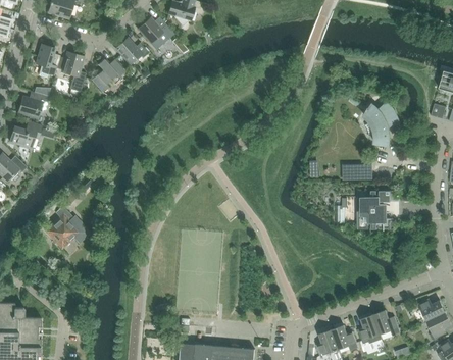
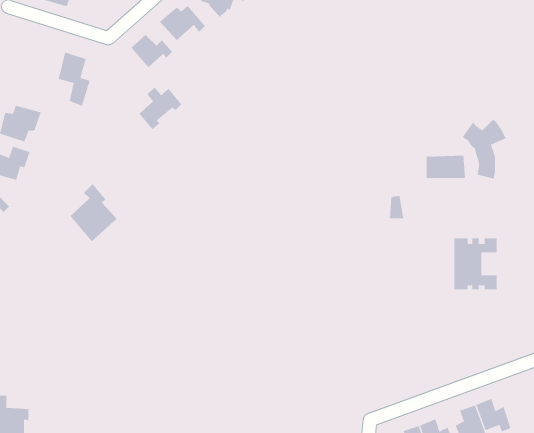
building: [36,44,56,74] -> none
building: [92,58,124,91] -> [138,86,182,130]
building: [343,161,372,178] -> [426,155,466,178]
building: [45,205,81,249] -> [70,183,117,242]

